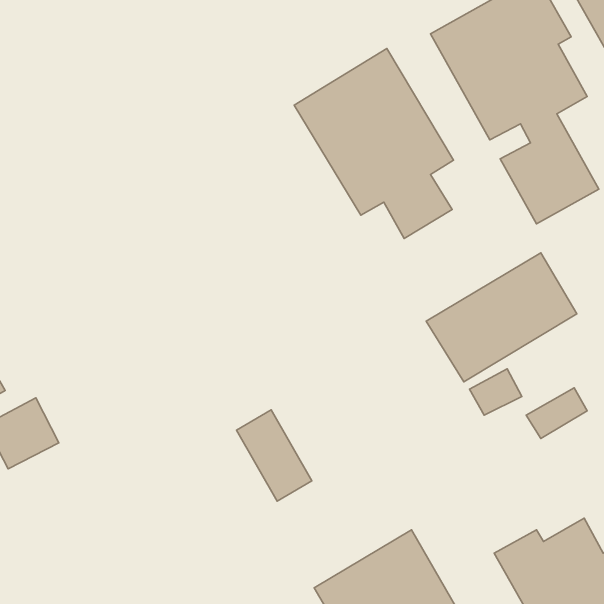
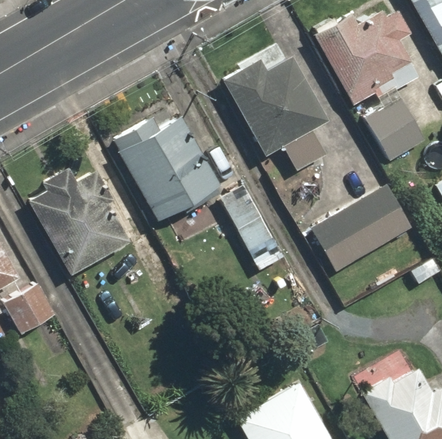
building: none -> [111,114,222,221]
building: none -> [25,166,141,278]
building: [236,410,312,501] -> [223,188,275,251]

